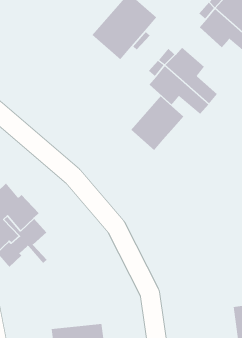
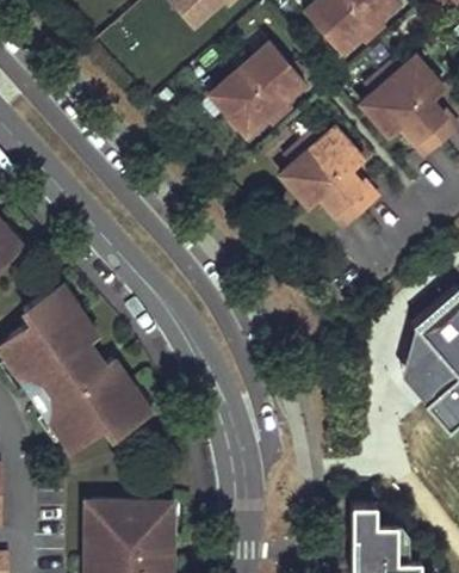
building: [130,96,184,151] -> none
building: none -> [49,358,149,449]

